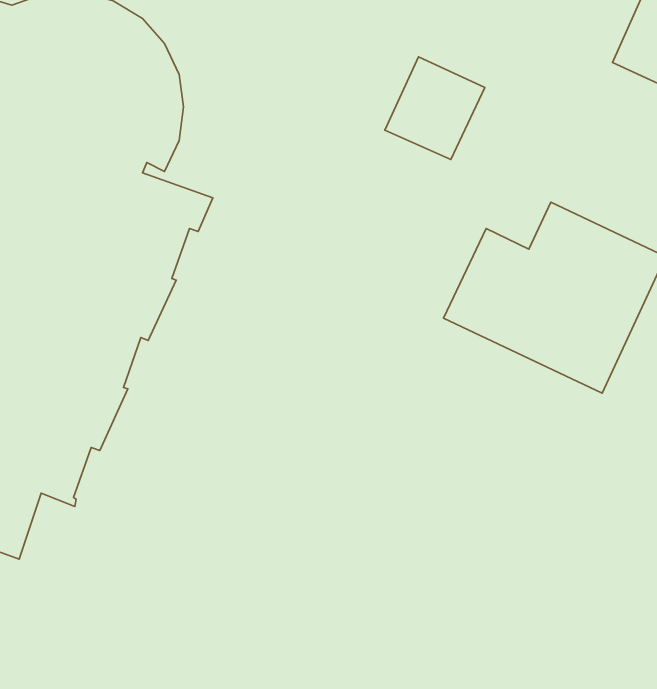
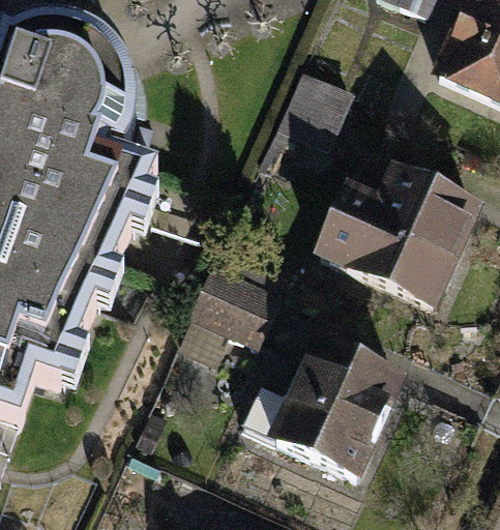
building: none -> [188,265,277,346]
building: none -> [241,345,396,477]

